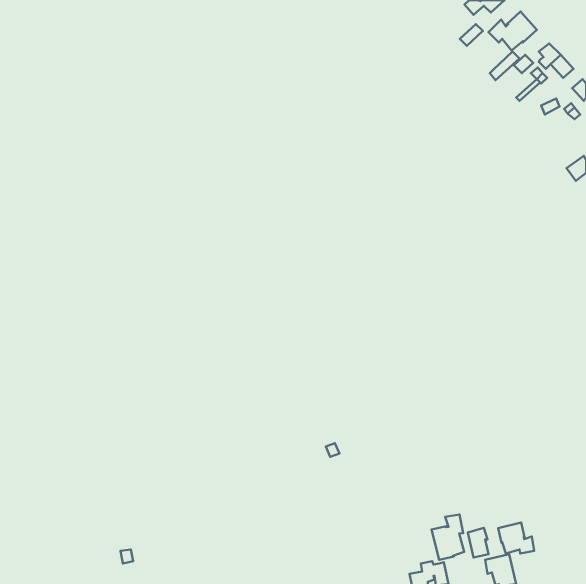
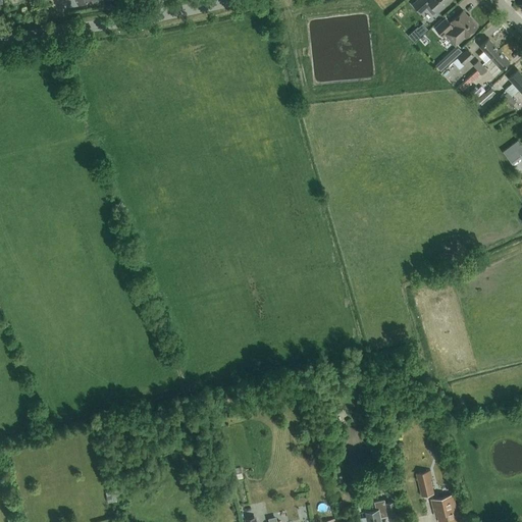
building: [432,515,464,560] -> none
building: [498,523,534,553] -> none

